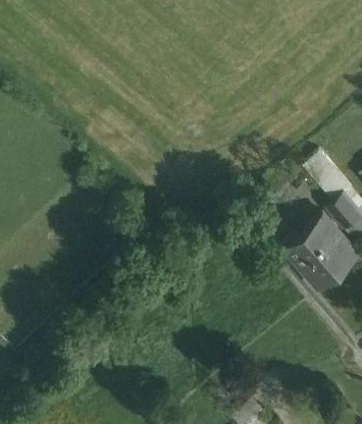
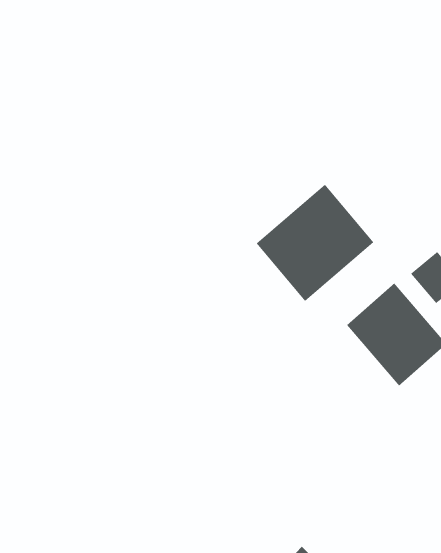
building: none -> [256,184,374,302]

